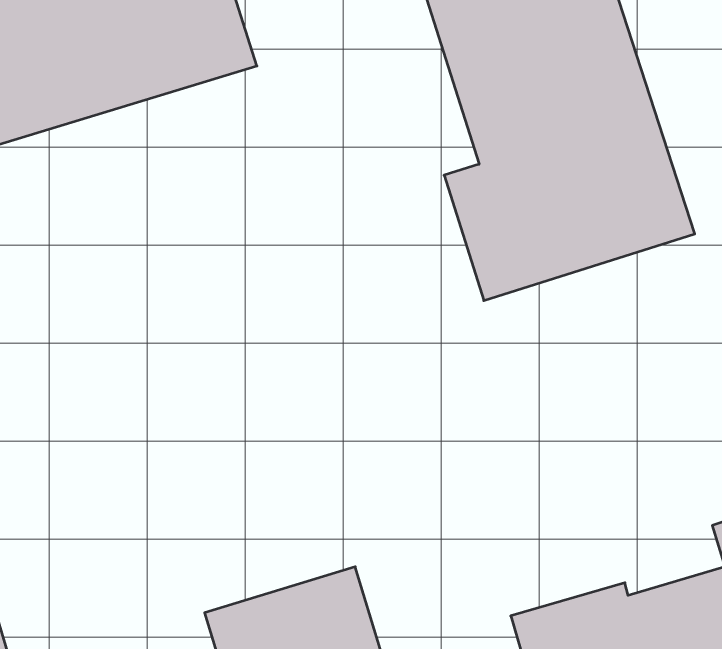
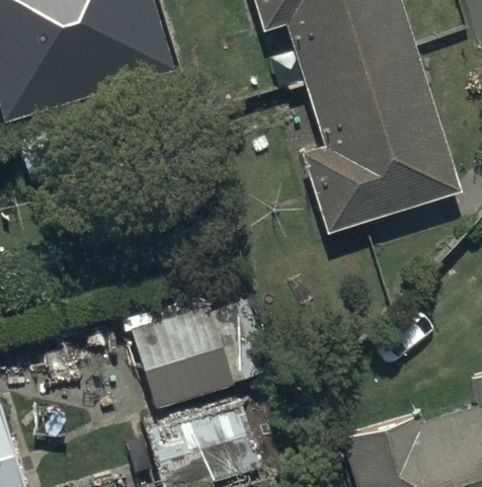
building: none -> [122,288,276,405]

